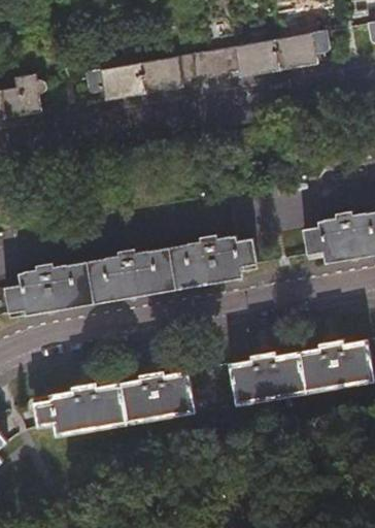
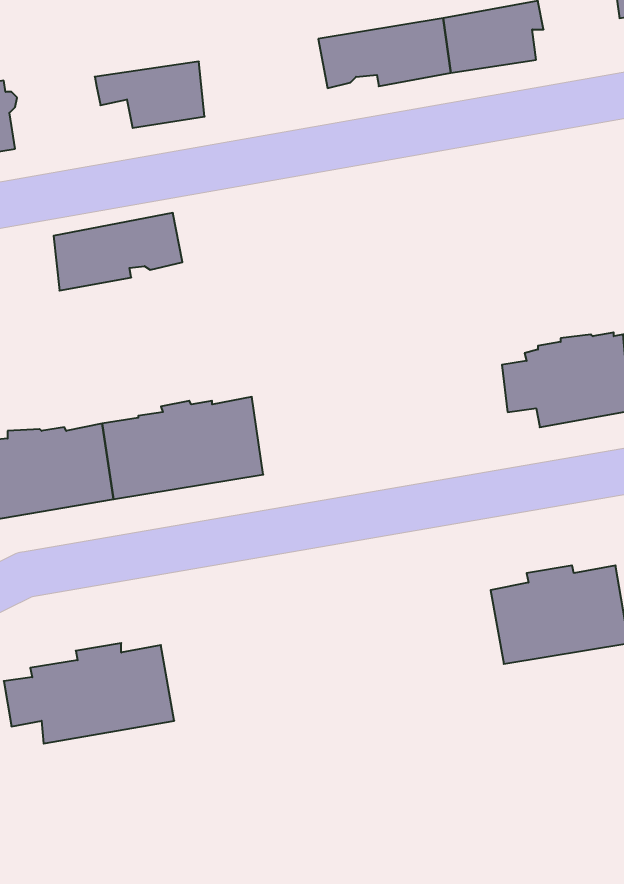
building: [140,53,210,95] -> [54,213,182,291]
building: [169,236,255,290] -> none
building: [230,351,306,405] -> none
building: [120,369,195,424] -> none

